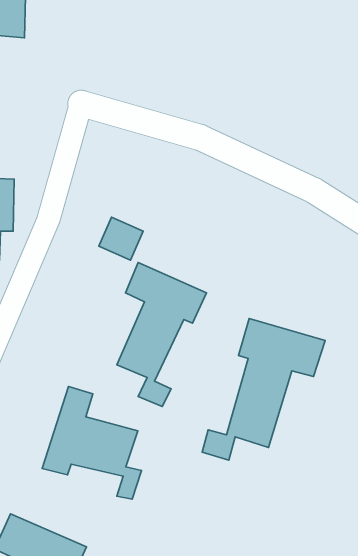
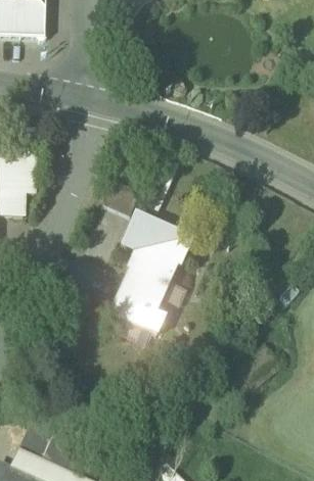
building: [202,318,325,460] -> none
building: [42,387,142,499] -> none

